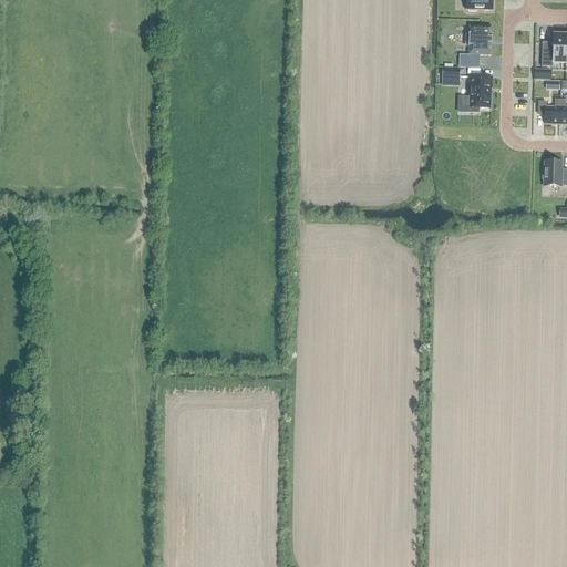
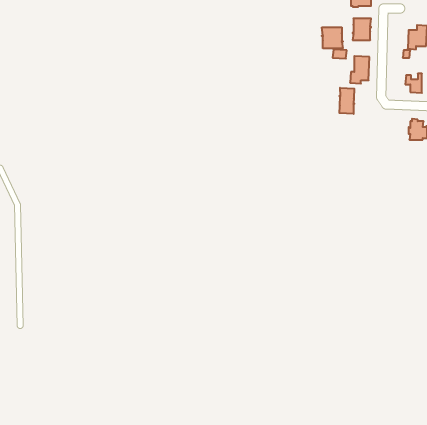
building: none -> [322,27,343,48]
building: none -> [339,88,354,114]

